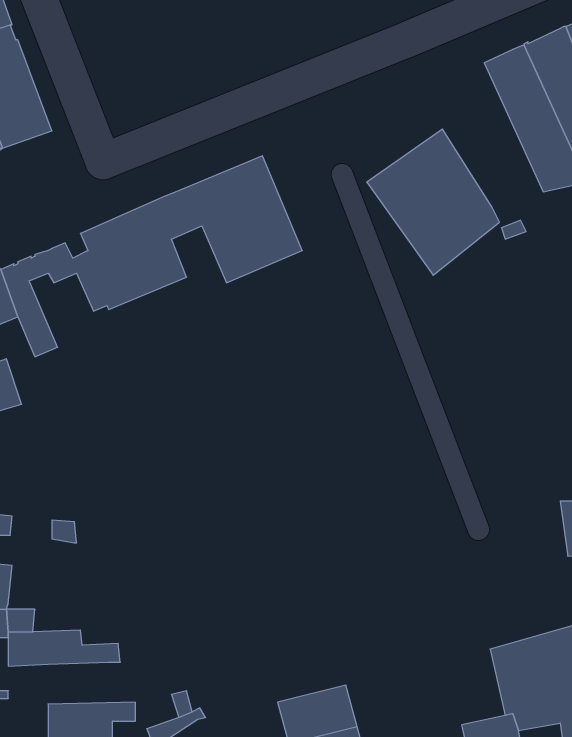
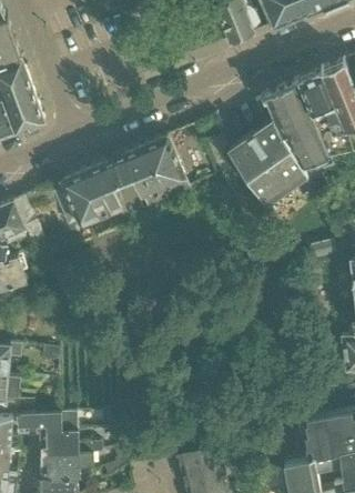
building: none -> [263,81,332,165]
building: none -> [42,432,102,456]

